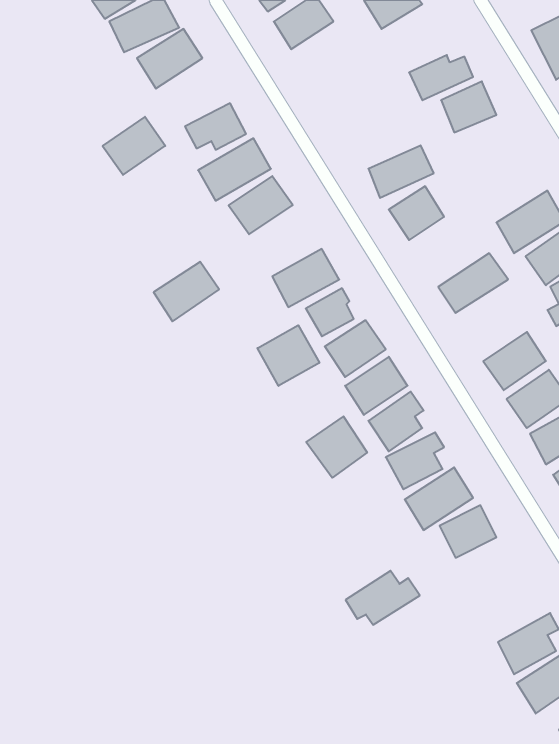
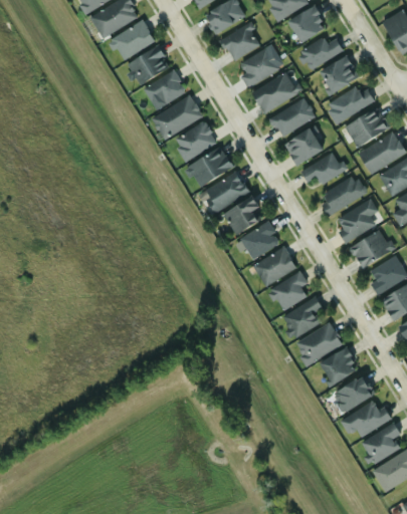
building: none -> [287,5,328,42]
building: none -> [222,23,262,60]
building: none -> [237,47,281,87]
building: none -> [252,72,299,112]
building: [103,117,165,175] -> [128,45,171,85]
building: none -> [326,88,375,122]
building: none -> [346,106,391,148]
building: none -> [301,151,345,190]
building: [154,262,219,321] -> [188,147,233,188]
building: none -> [335,200,378,241]
building: [257,325,319,386] -> none
building: [306,416,367,478] -> none
building: none -> [332,375,374,414]
building: [346,571,420,625] -> [342,401,393,438]

